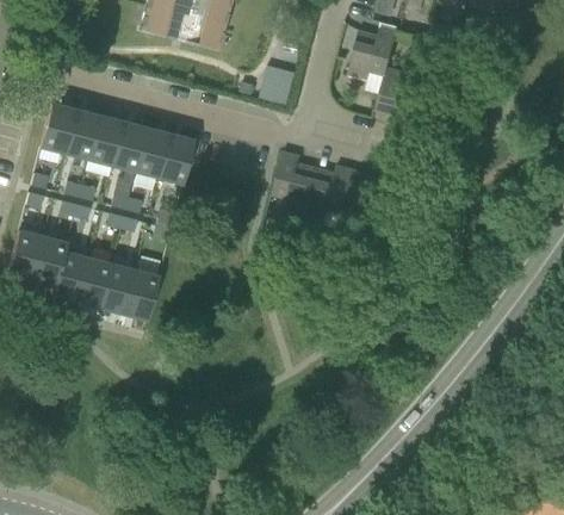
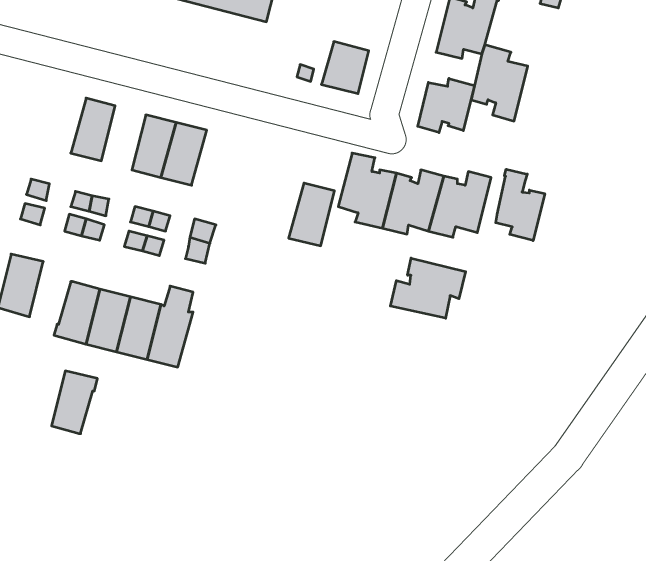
building: none -> [418,78,475,133]
building: [39,103,75,151] -> none
building: [83,114,122,176] -> none
building: [157,134,193,182] -> [289,183,334,246]
building: none -> [496,169,545,241]
building: none -> [390,258,466,318]
building: [31,236,67,285] -> [52,371,97,434]

